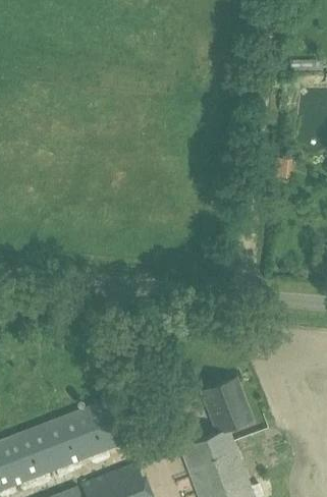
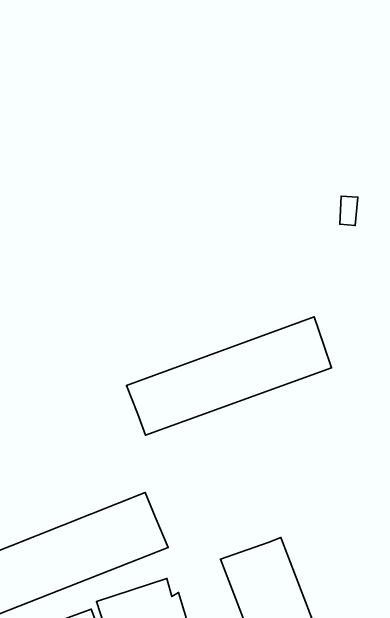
building: none -> [127,317,331,435]
building: [203,379,252,434] -> none

